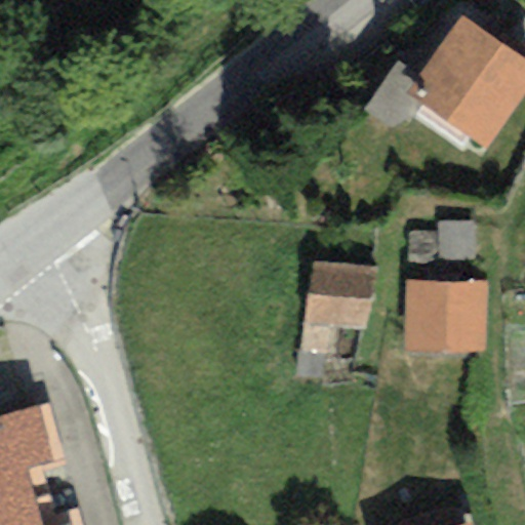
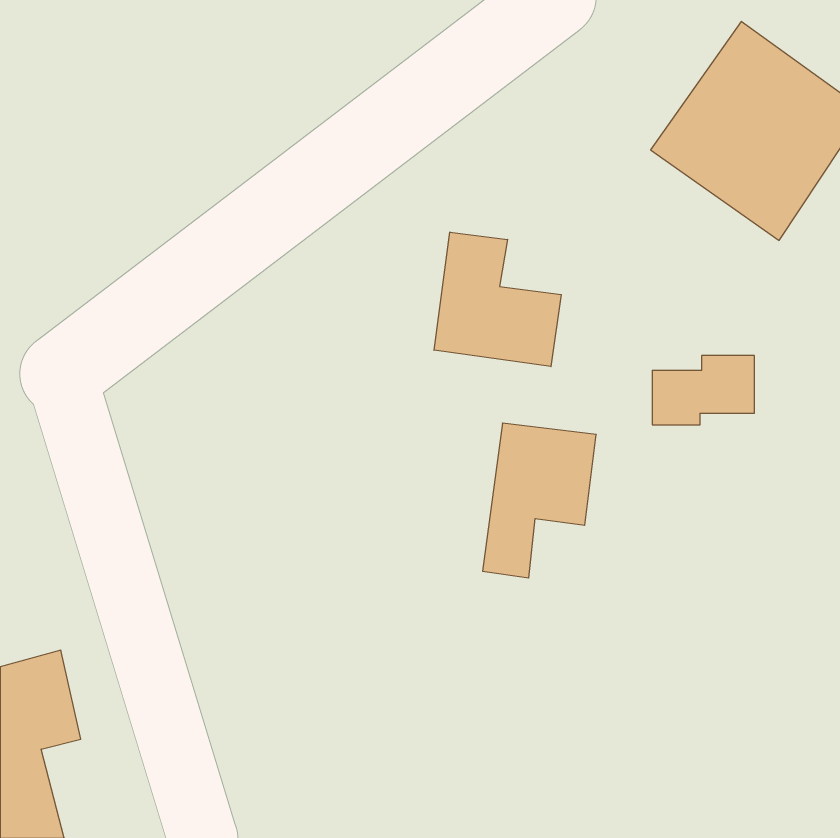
building: none -> [434,232,561,367]
building: [405,280,486,352] -> none

